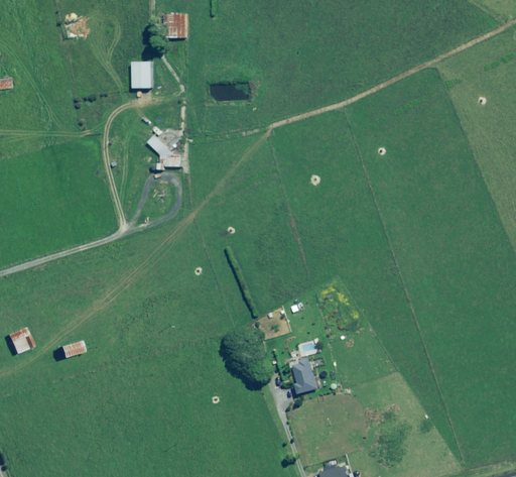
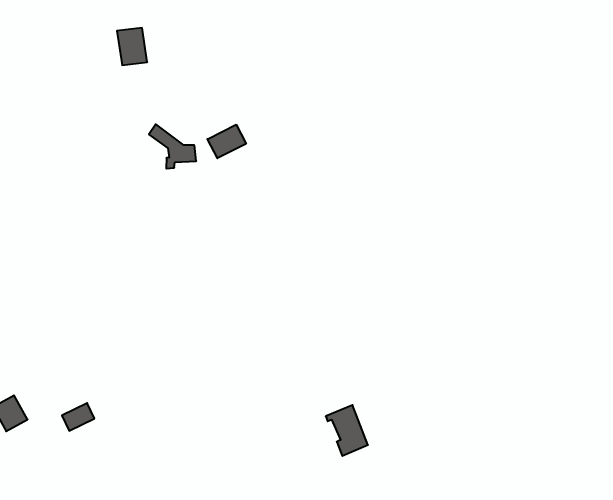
building: none -> [207,125,246,158]
building: [288,357,317,394] -> [326,405,368,456]

